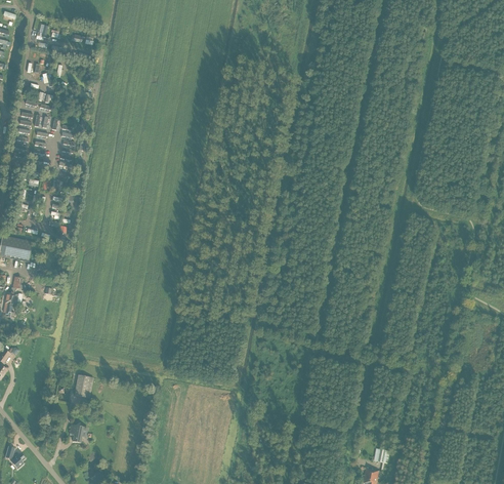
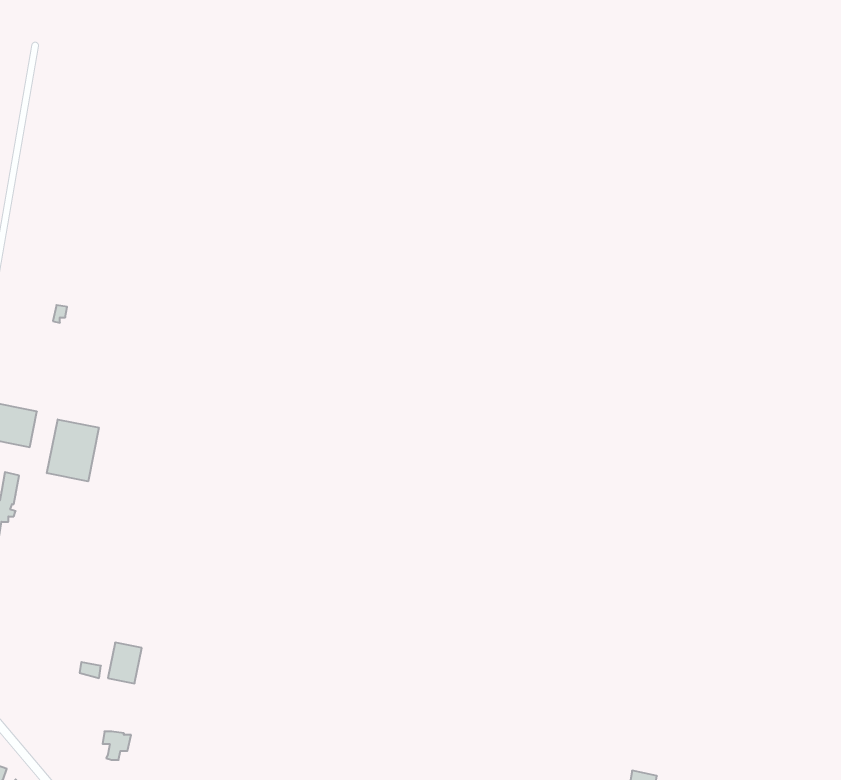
building: none -> [47,419,99,481]

